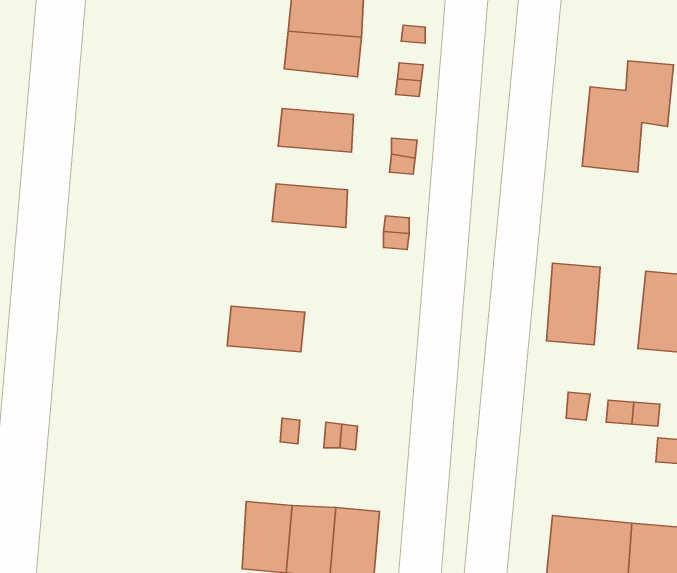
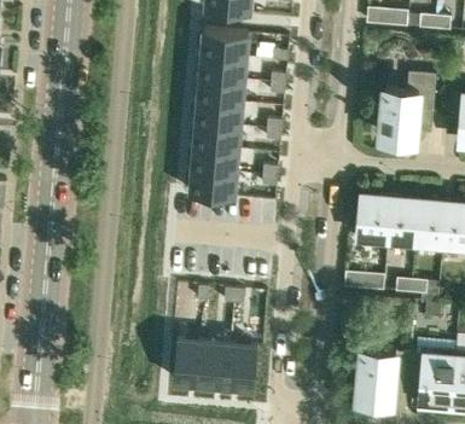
building: none -> [198,77,244,105]
building: none -> [194,124,240,151]
building: none -> [388,198,419,248]
building: [227,306,305,352] -> [190,170,237,198]

